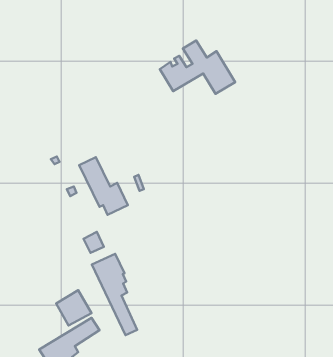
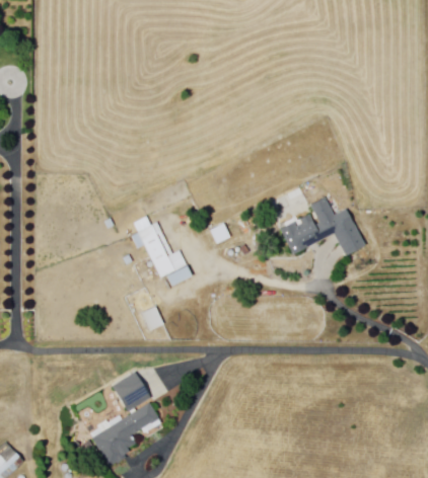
building: [160,41,235,94] -> [281,195,367,256]
building: [92,254,137,335] -> none

